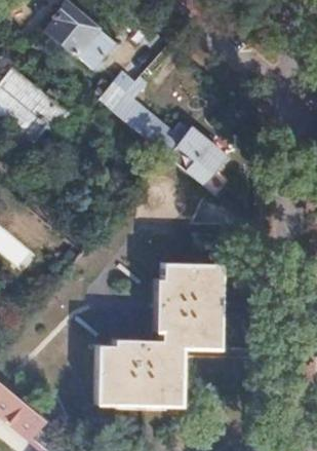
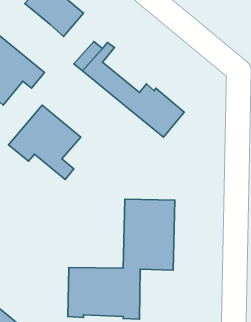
building: none -> [8,105,81,180]

